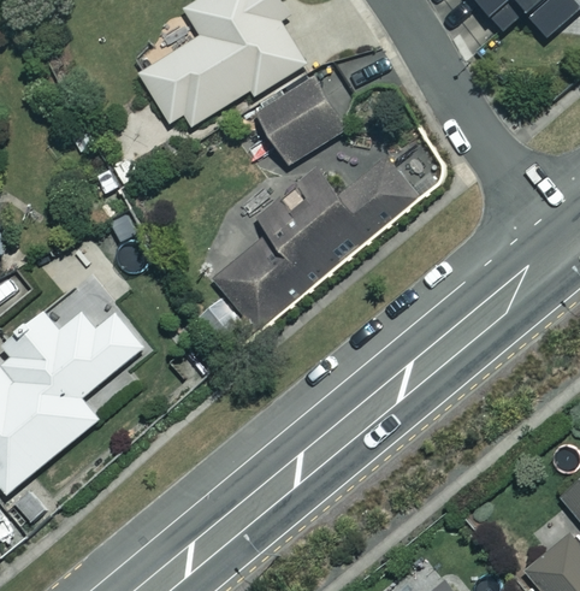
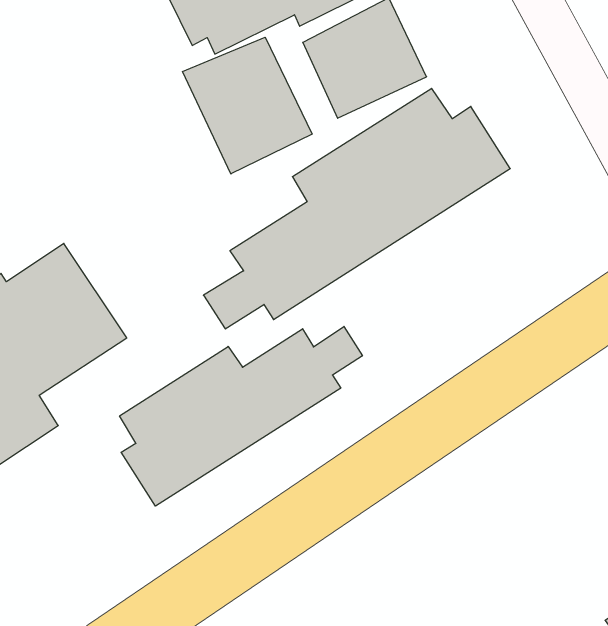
building: none -> [182,37,312,174]
building: none -> [120,326,362,506]

